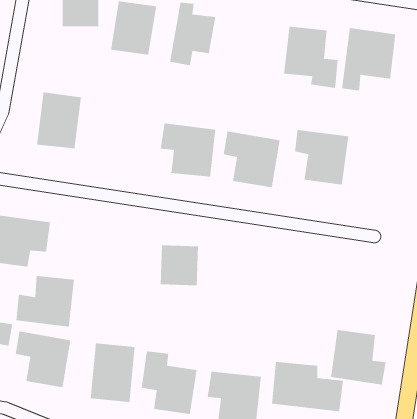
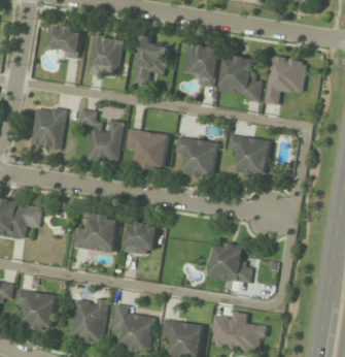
building: none -> [183,42,220,88]
building: none -> [79,108,123,164]
building: [16,275,75,327] -> [72,213,117,253]
building: [330,329,387,386] -> [209,240,252,284]

